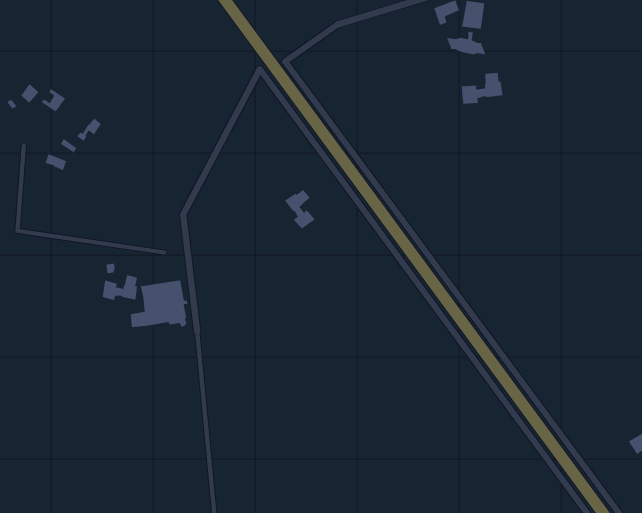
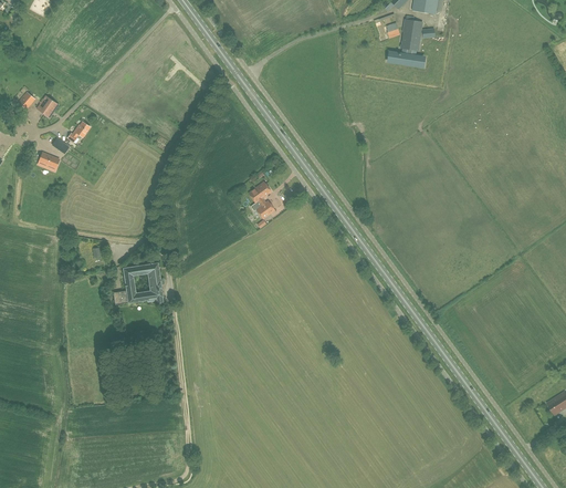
building: [461,72,503,105] -> none
building: [102,274,138,301] -> none

